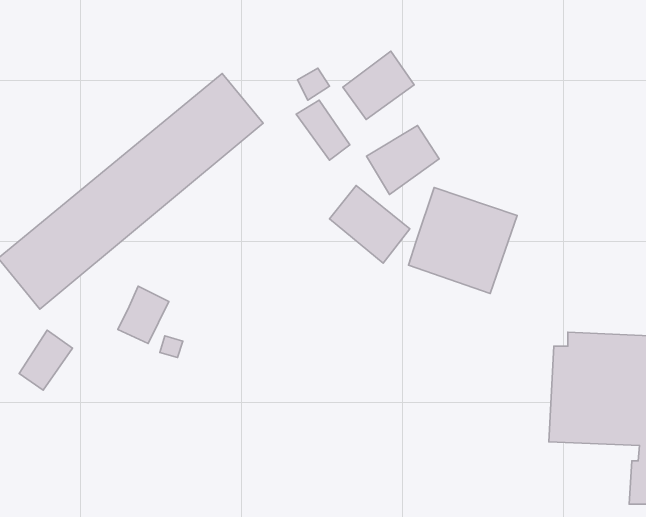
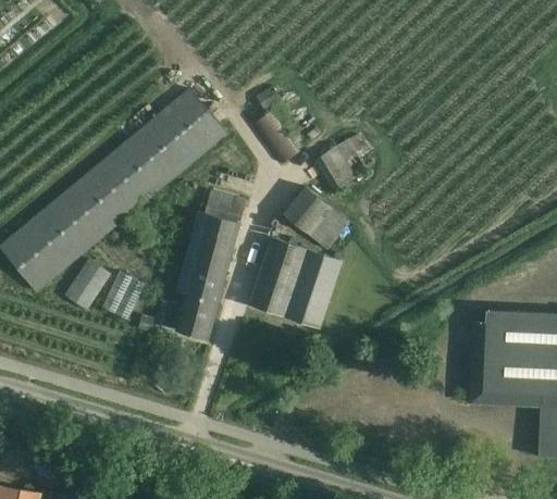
building: [343,51,414,119] -> none
building: [409,188,517,293] -> [250,237,343,327]
building: none -> [162,189,247,338]
building: [19,330,73,390] -> [65,259,111,310]

